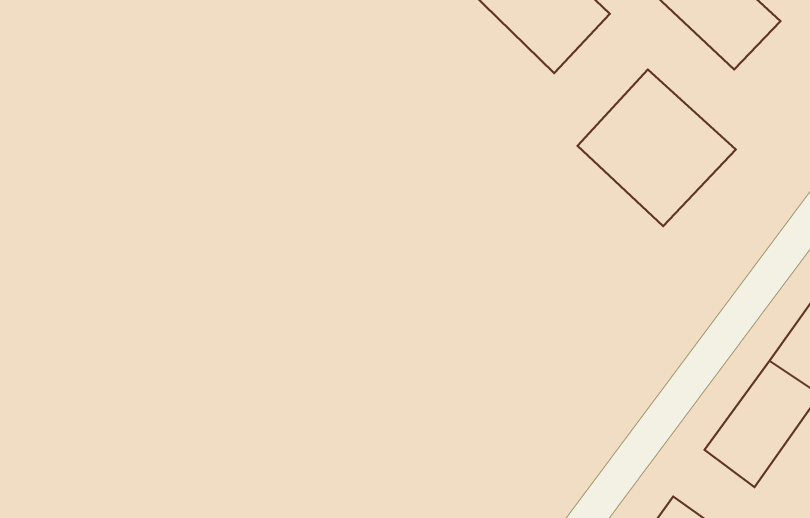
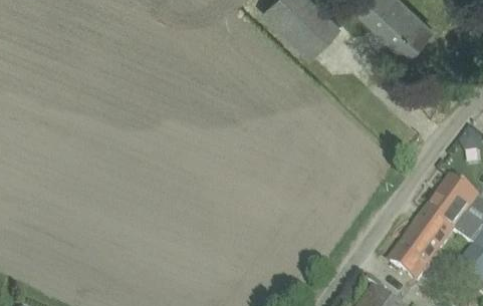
building: [578,69,736,226] -> none

